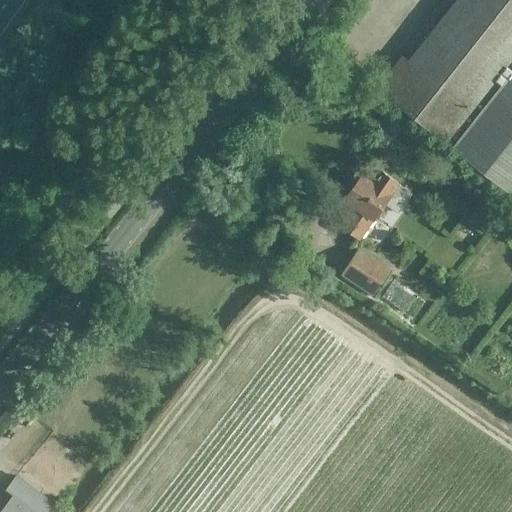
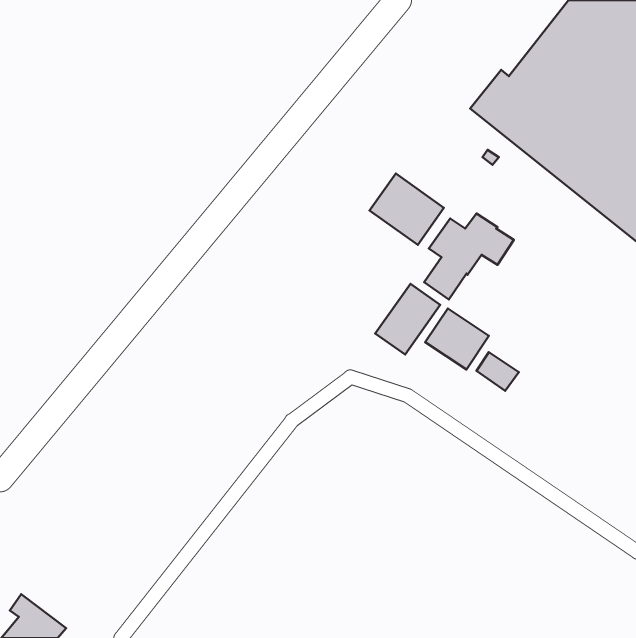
building: none -> [370,174,444,245]
building: none -> [375,284,440,355]

